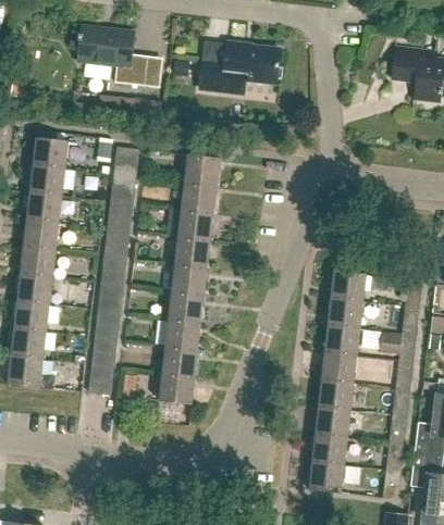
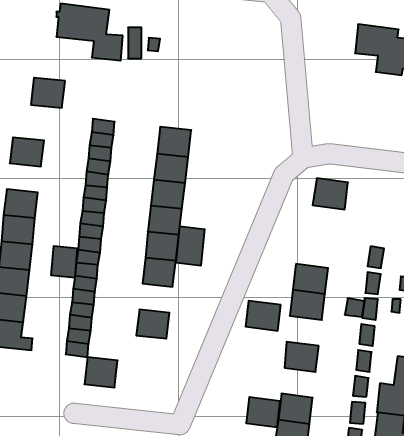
building: [200,42,279,93] -> none
building: [33,137,69,168] -> [31,78,65,108]
building: [26,192,62,223] -> none
building: none -> [176,226,204,266]
building: [330,270,367,302] -> [313,178,348,209]
building: none -> [51,246,77,278]
building: [165,318,200,349] -> none
building: [320,352,357,384] -> [246,301,281,331]
building: [159,373,194,404] -> [84,357,118,387]
building: [314,407,350,438] -> [246,397,280,427]

